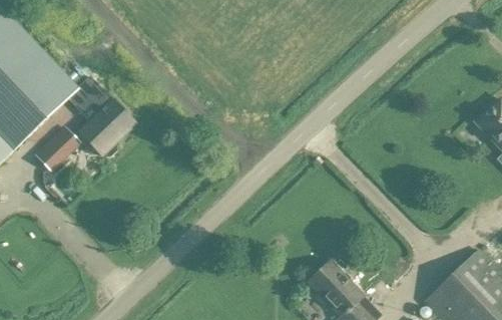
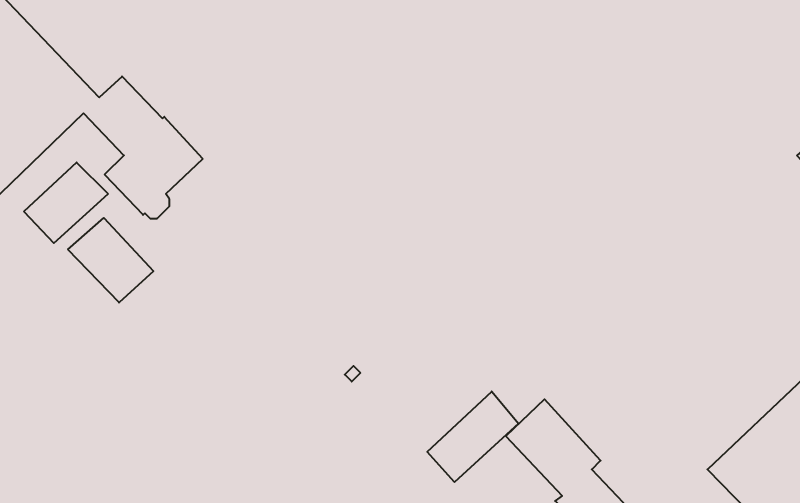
building: none -> [68,218,153,303]
building: none -> [427,391,519,482]

